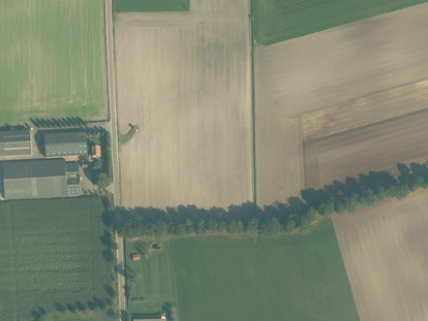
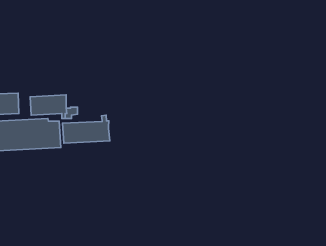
building: none -> [63,115,110,143]

